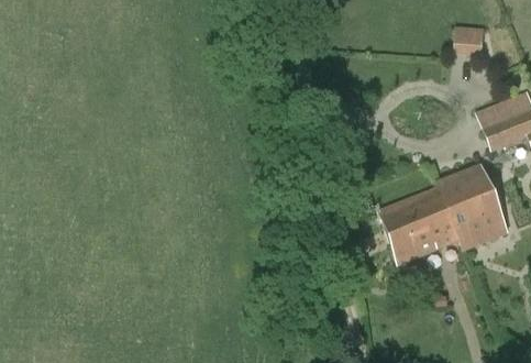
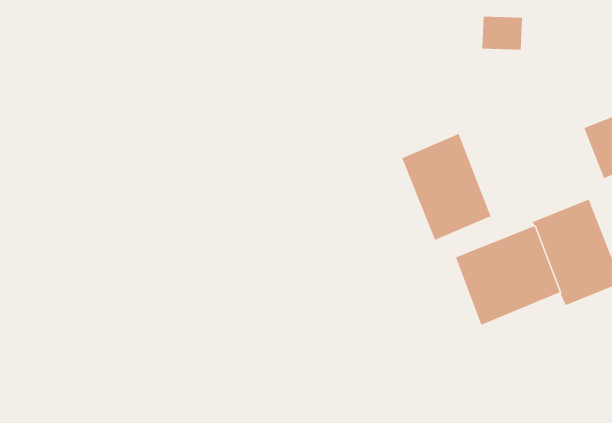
building: [453,24,485,51] -> [481,16,523,50]
building: none -> [401,133,492,240]

